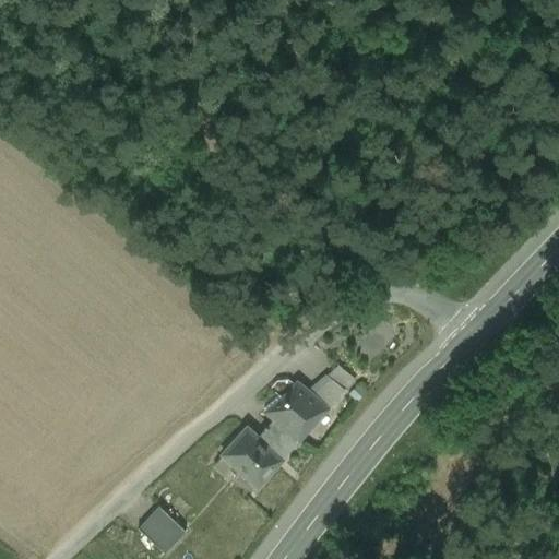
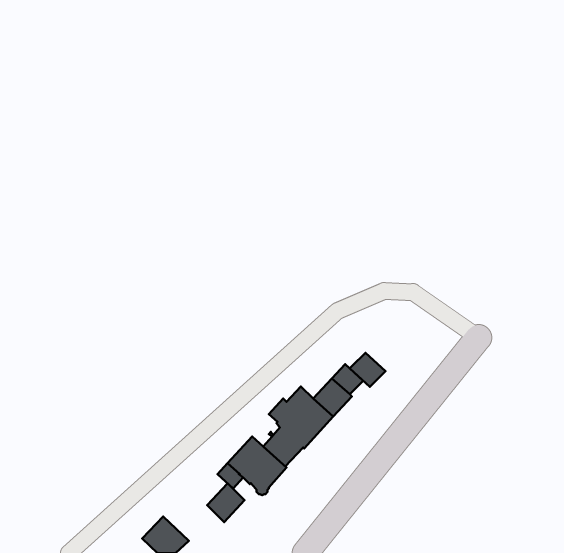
building: none -> [350,353,385,387]
building: none -> [207,483,244,522]

